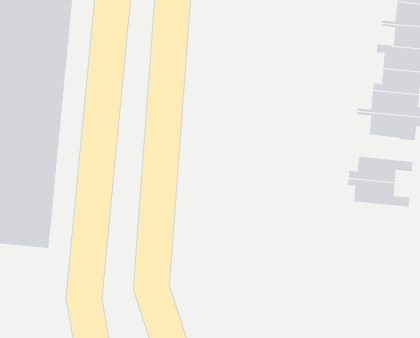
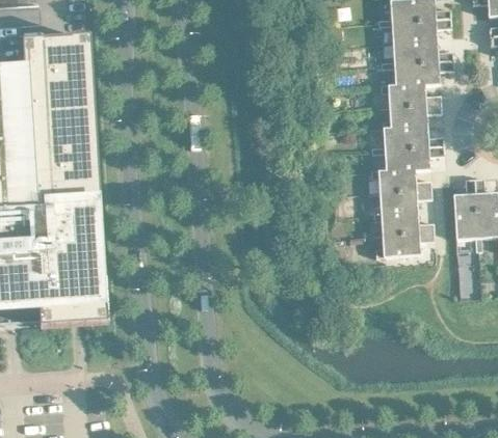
building: none -> [370,168,431,191]
building: none -> [375,230,435,256]

